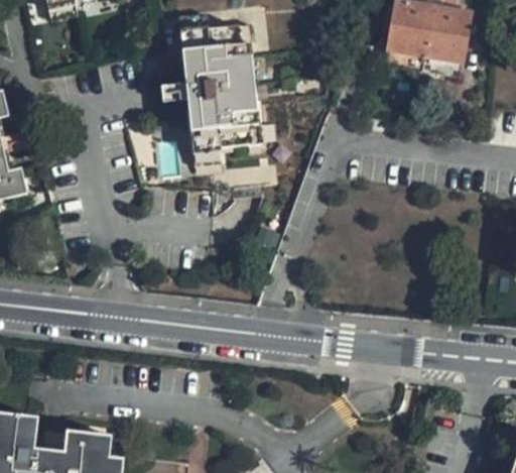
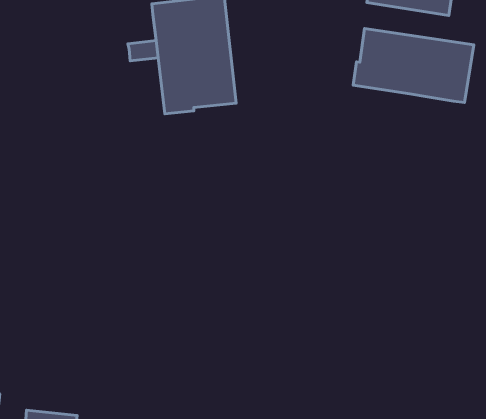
building: none -> [353,28,474,103]

